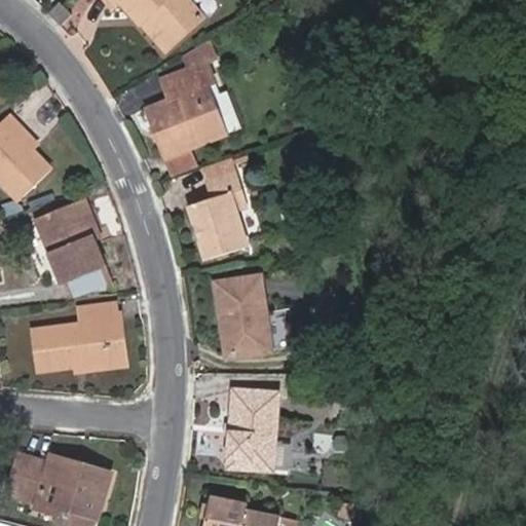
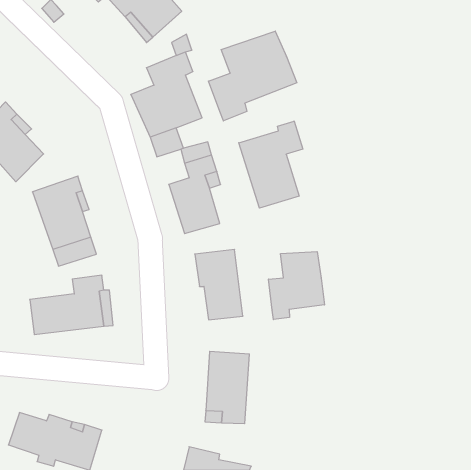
building: none -> [208,31,297,121]
building: none -> [239,121,303,208]
building: none -> [269,252,324,320]

